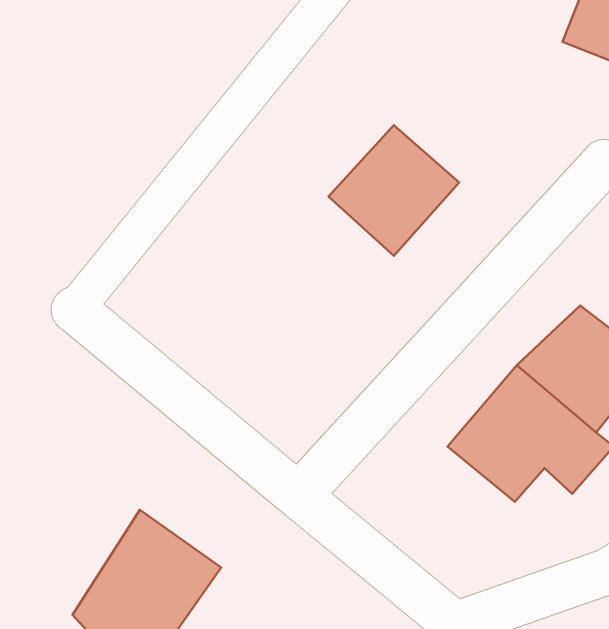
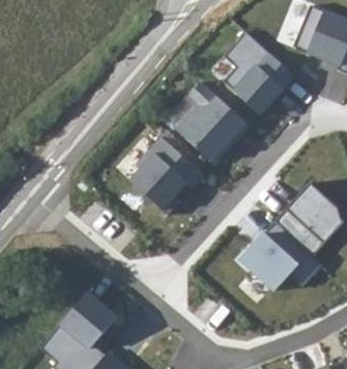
building: none -> [226,32,294,114]
building: none -> [126,140,207,214]

